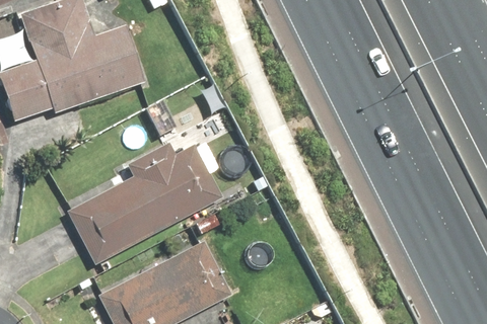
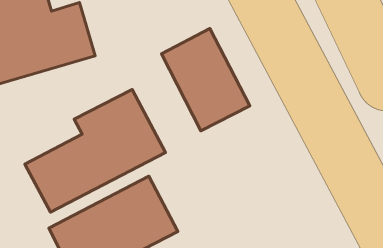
building: none -> [161,29,250,131]

